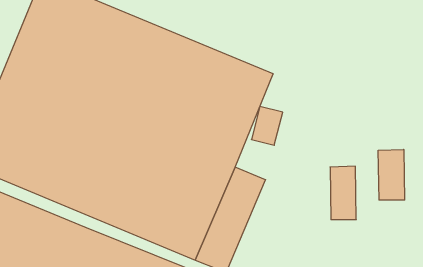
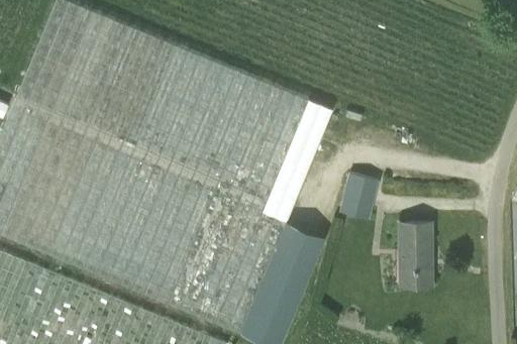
building: [251,106,283,145] -> [340,173,378,219]
building: [378,149,405,200] -> none

